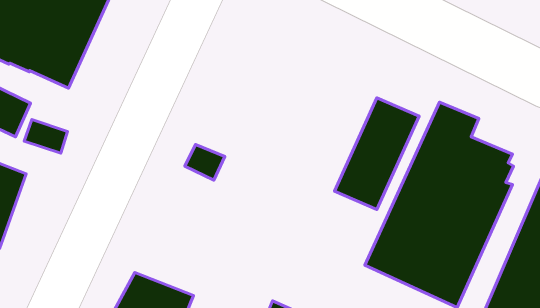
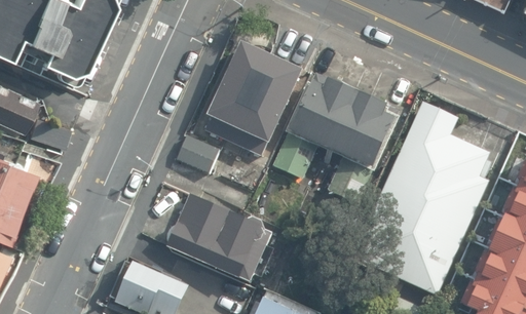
building: none -> [202,44,307,163]
building: none -> [274,75,363,186]
building: none -> [166,196,277,282]

